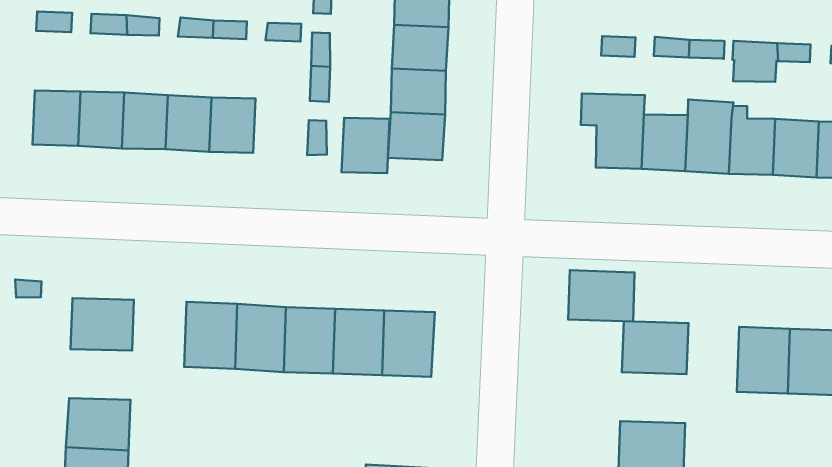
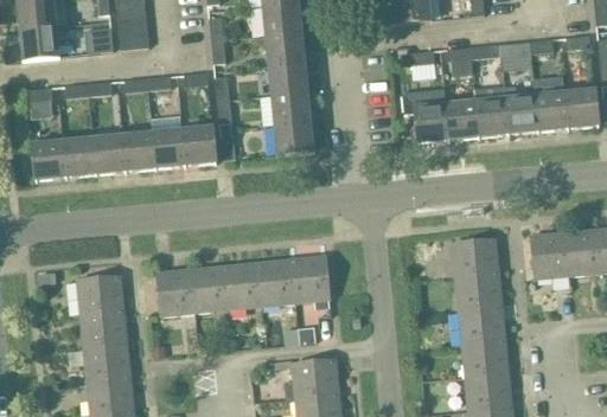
building: [342,118,390,173] -> [181,124,216,165]
building: [568,270,635,321] -> [454,272,501,310]
building: none -> [81,309,126,347]

